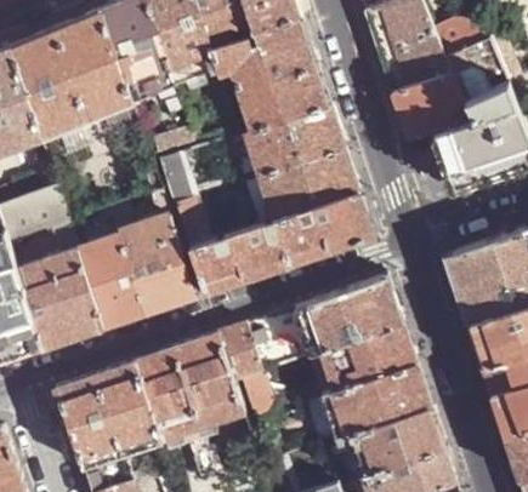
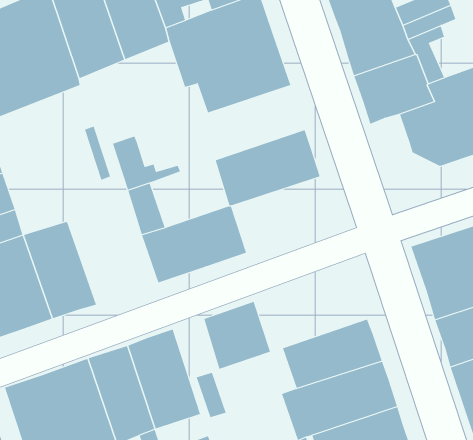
building: [243,103,344,175] -> none
building: [273,190,373,263] -> none
building: [117,216,193,313] -> none
building: [295,278,403,357] -> none
building: [223,326,261,382] -> none

